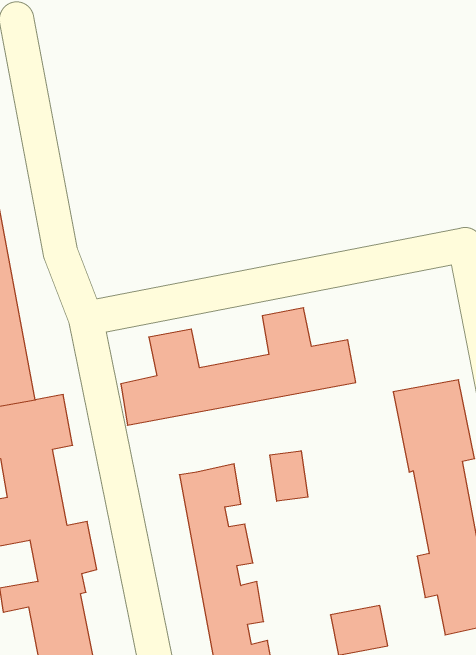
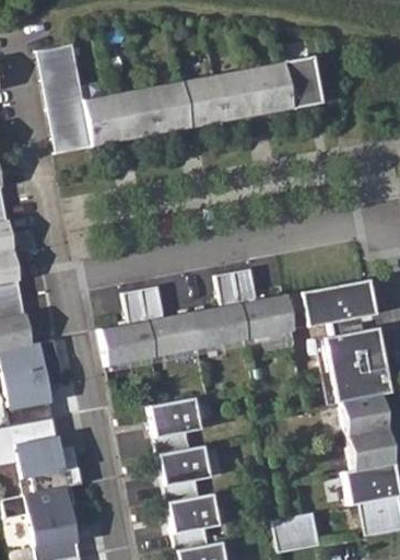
building: none -> [38,44,321,153]
building: none -> [286,280,375,330]
building: [270,451,308,501] -> none

